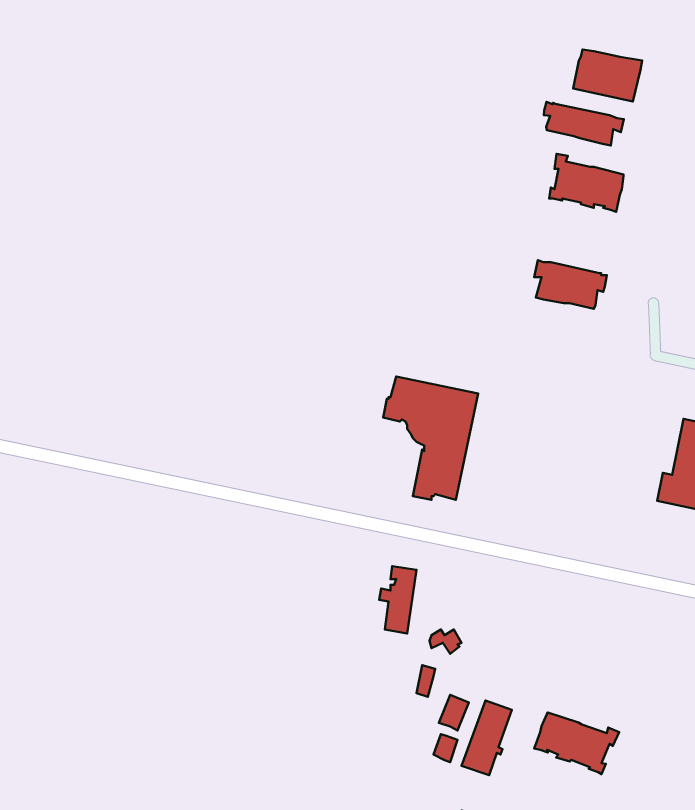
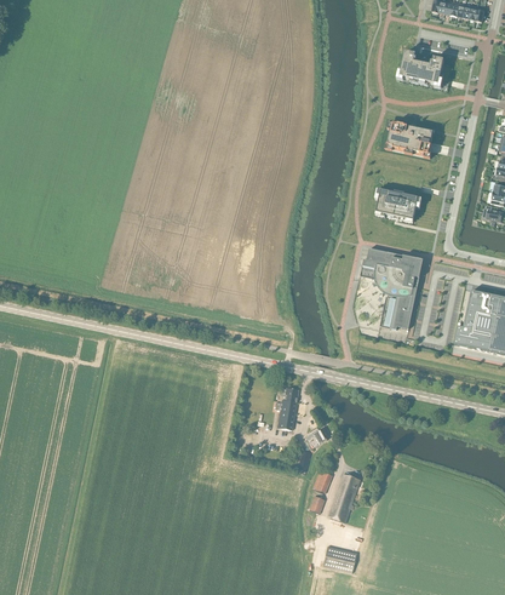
building: [544,102,624,146] -> none
building: [383,377,478,500] -> [362,248,424,328]
building: [534,712,619,774] -> none

